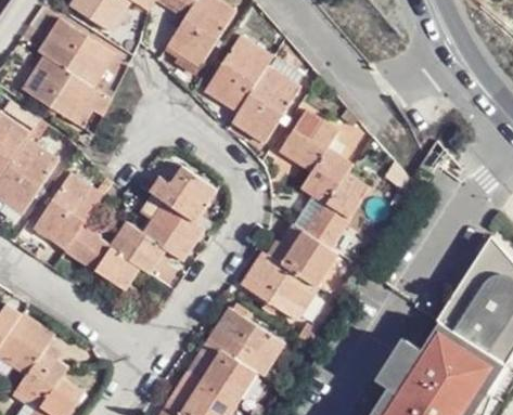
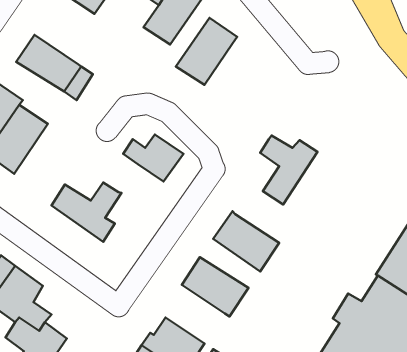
building: [38,20,115,88] -> none
building: [230,64,297,141] -> none
building: [278,109,350,182] -> none
building: [31,172,99,247] -> none
building: [124,200,201,275] -> none
building: [271,228,343,289] -> none
building: [192,337,259,403] -> none

